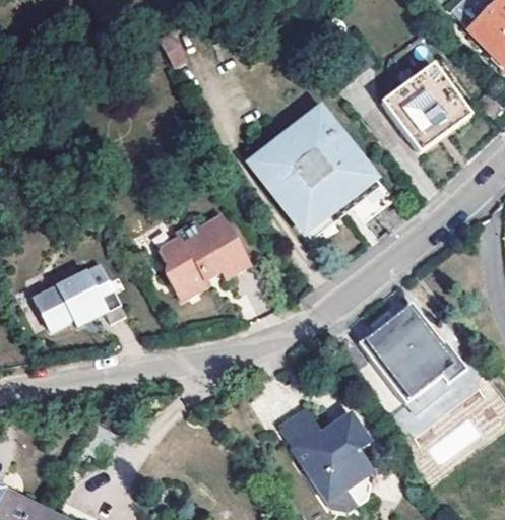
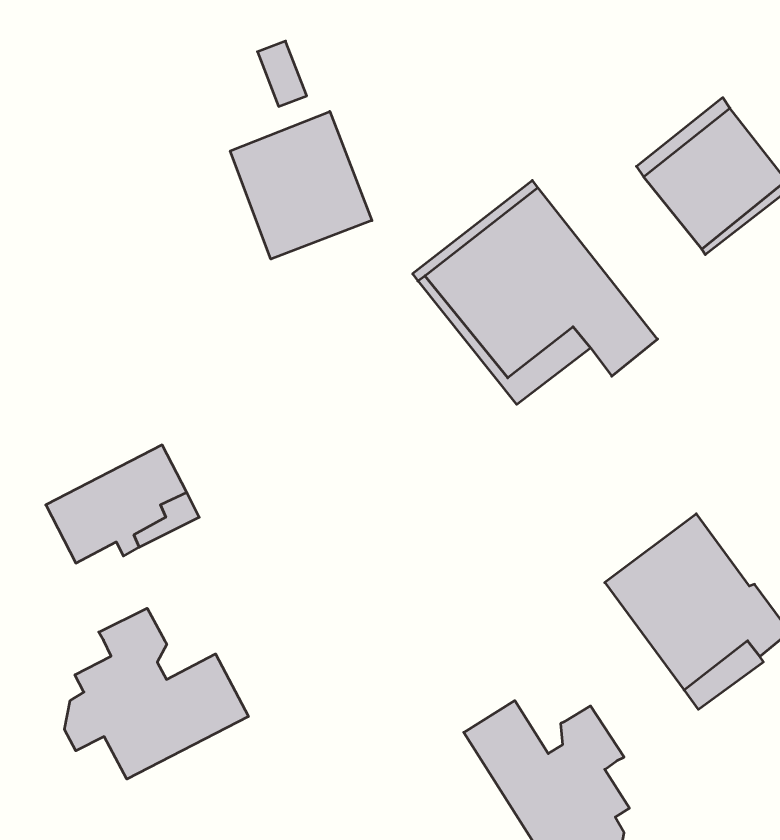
building: none -> [230,111,372,259]
building: [161,213,250,299] -> none
building: none -> [64,608,248,779]

